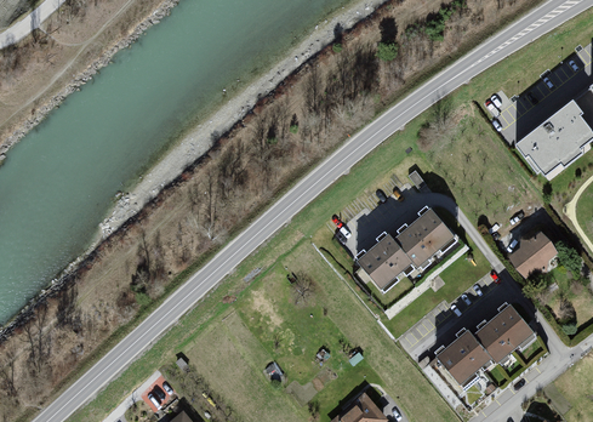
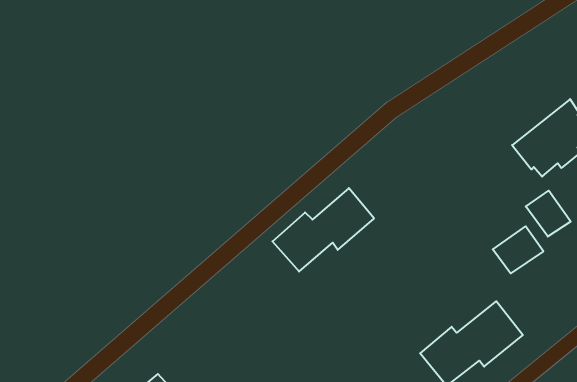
building: none -> [526,191,571,237]
building: [358,206,460,290] -> [272,188,374,272]

